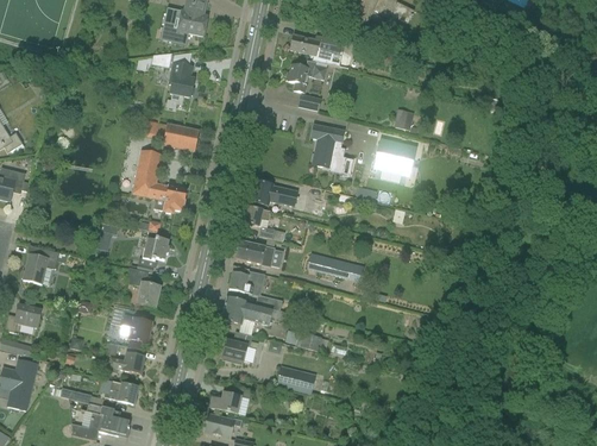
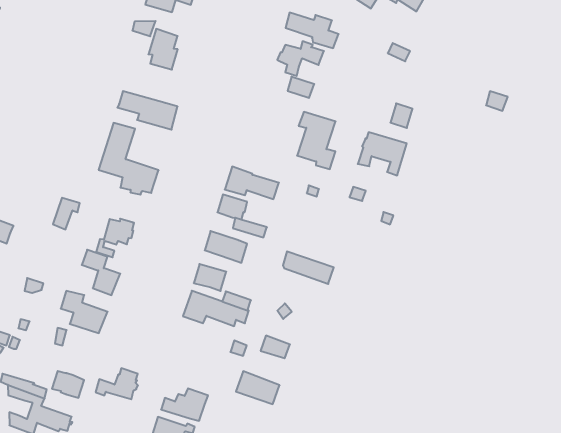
building: [221,331,252,362] -> none
building: [107,346,145,373] -> [96,368,138,399]

